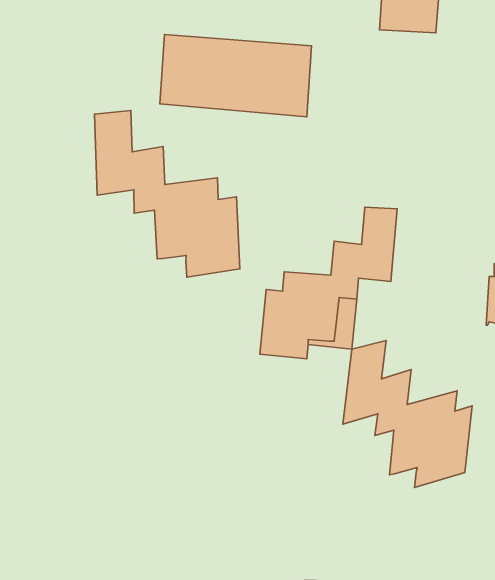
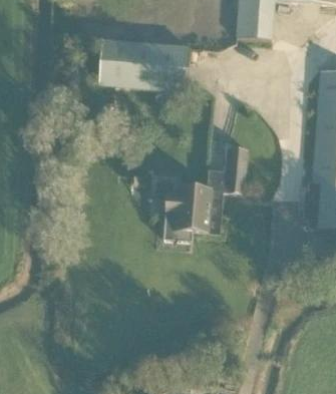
building: [94,110,240,277] -> none
building: [343,341,472,488] -> none

